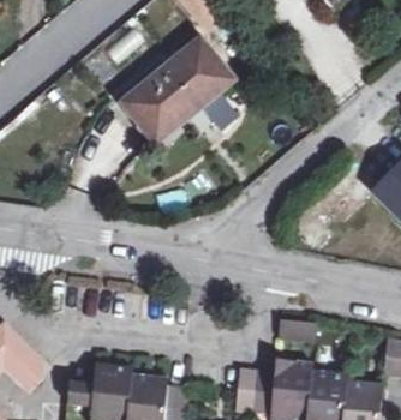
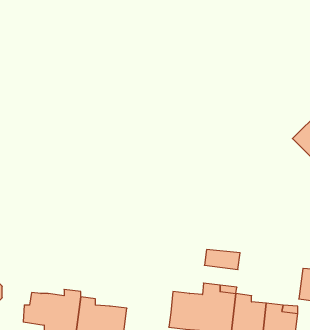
building: [125,38,235,140] -> none

